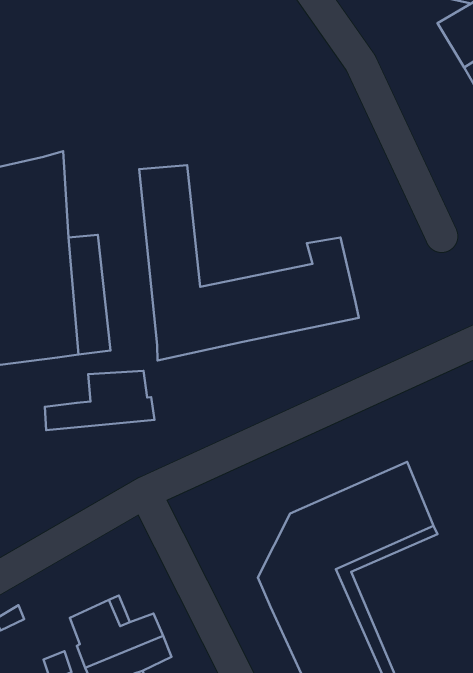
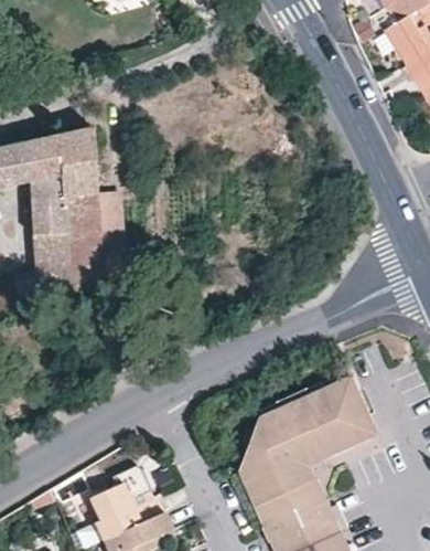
building: [139,165,359,361] -> none
building: [45,371,154,430] -> none

